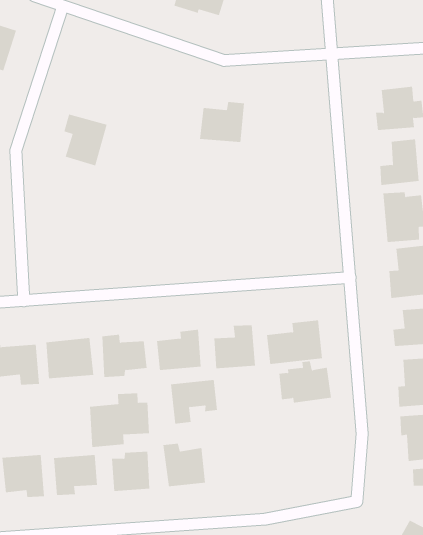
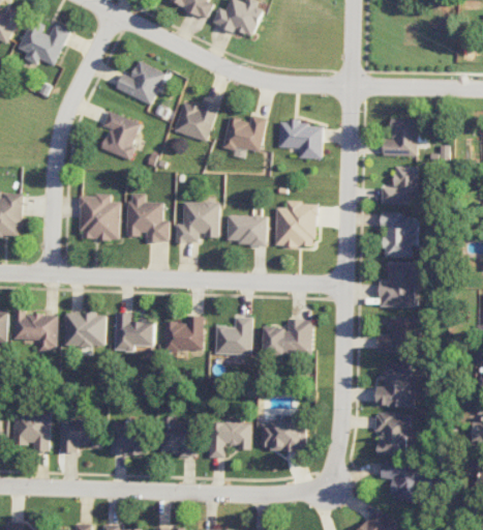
building: none -> [115,61,165,106]
building: none -> [174,99,218,142]
building: none -> [278,122,323,159]
building: none -> [275,203,315,247]
building: none -> [126,194,169,242]
building: none -> [176,202,219,243]
building: none -> [80,196,119,240]
building: none -> [227,215,267,245]
building: [278,361,332,403] -> [261,415,306,451]
building: [170,380,218,424] -> [210,422,250,459]
building: [90,392,150,448] -> none

